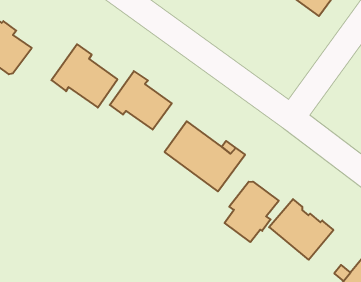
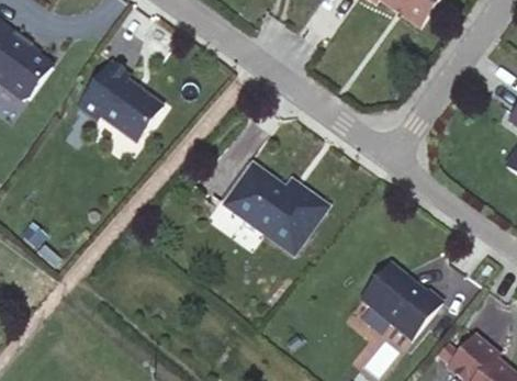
building: [110,71,172,130] -> none
building: [225,182,279,242] -> none

